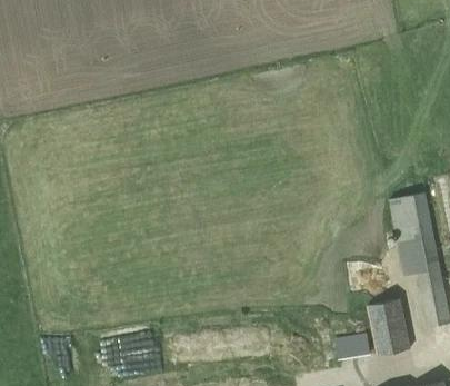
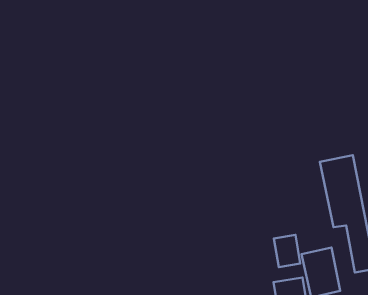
building: none -> [274,235,300,267]

